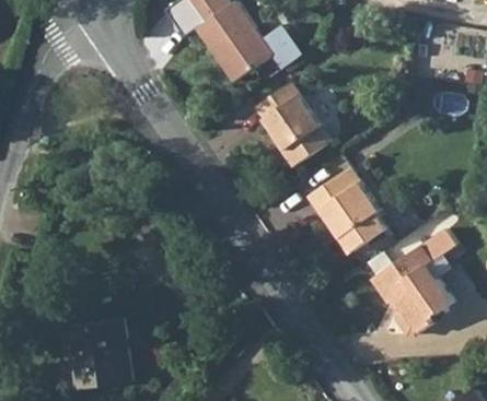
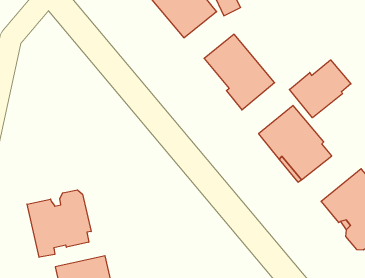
building: none -> [289,60,351,118]
building: none -> [27,190,91,257]

